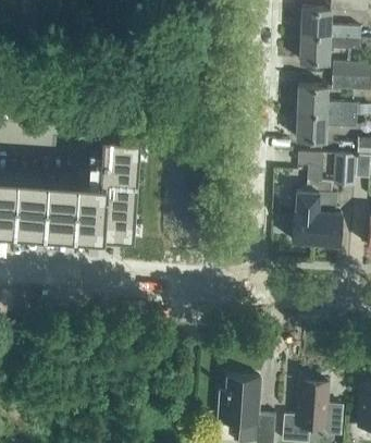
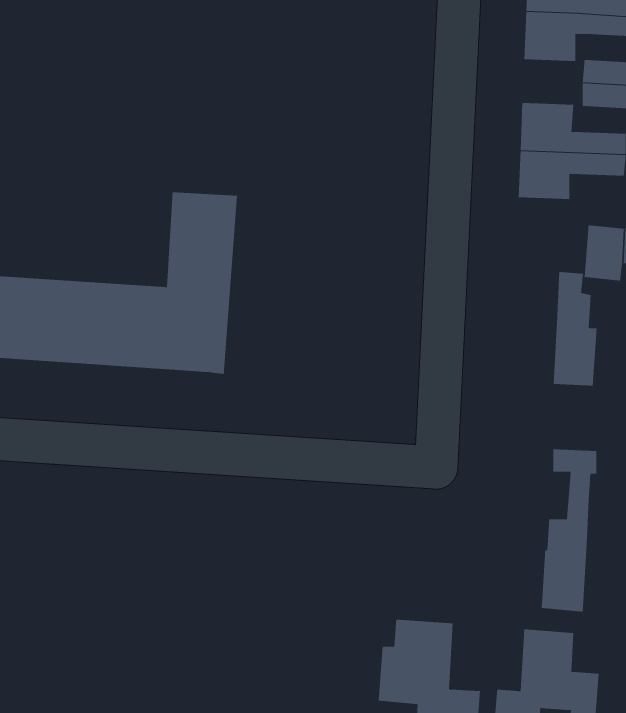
building: [292,155,323,246] -> [541,449,597,612]

